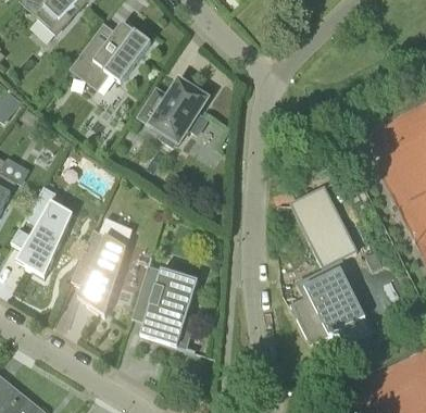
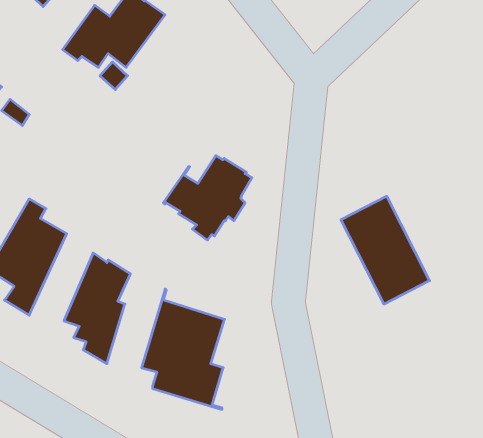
building: [137,79,206,146] -> [163,156,252,240]
building: [290,267,364,336] -> none

